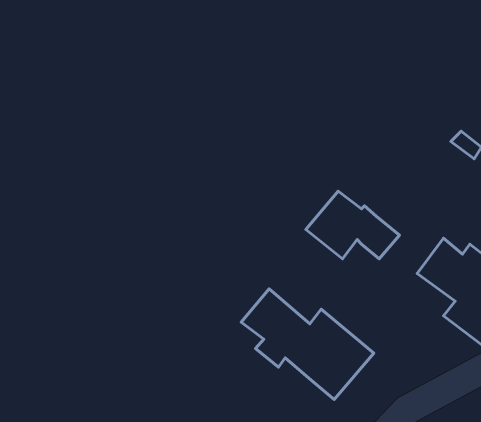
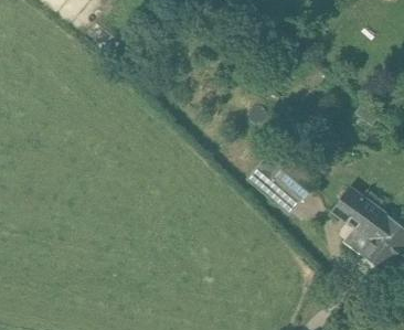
building: [241,289,374,399] -> none

